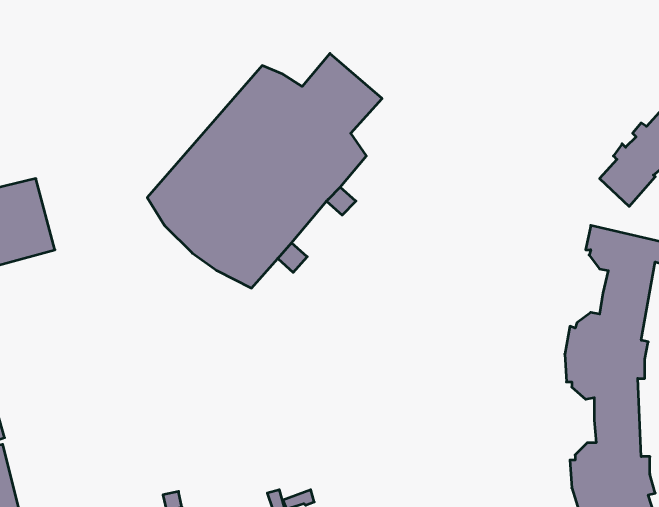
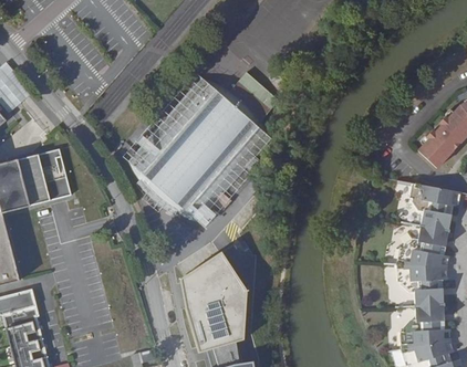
building: none -> [180,251,248,353]

